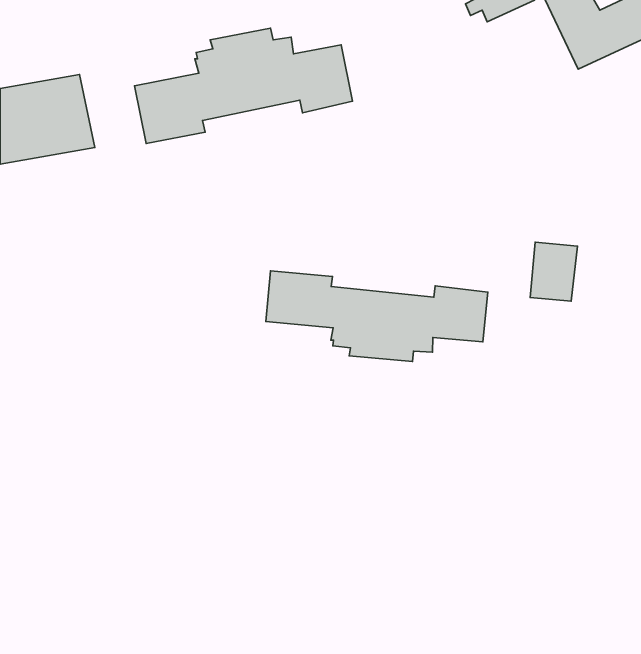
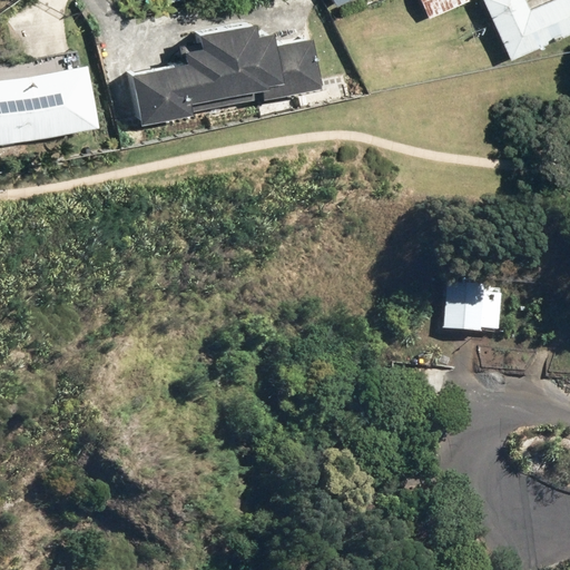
building: [530,242,577,301] -> [450,282,491,333]
building: [266,271,488,361] -> none

